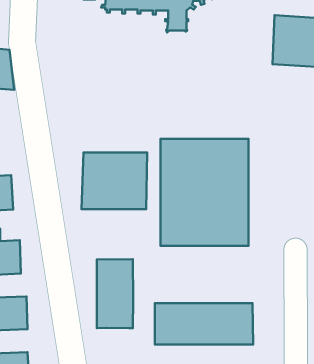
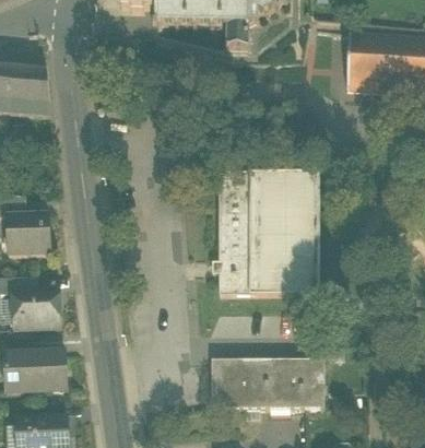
building: [82,152,147,209] -> none
building: [97,259,133,328] -> none

